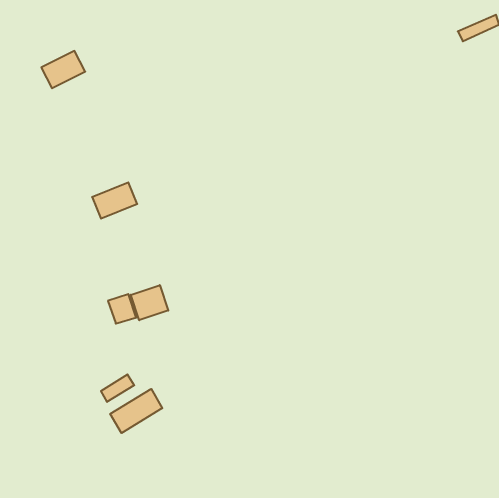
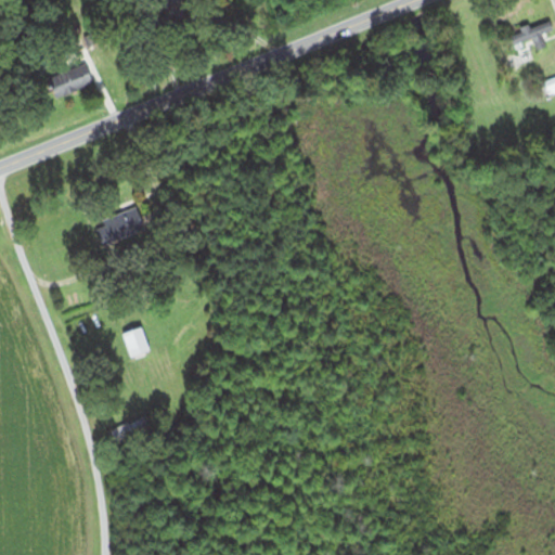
building: [131,285,168,320] -> none
building: [110,389,162,433] -> none

